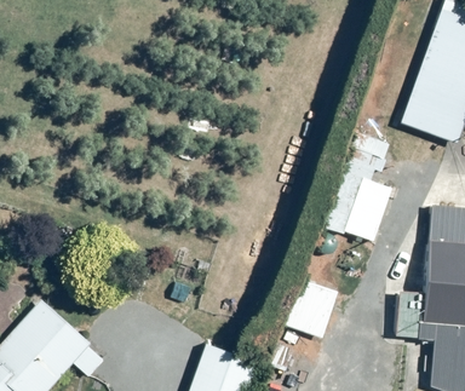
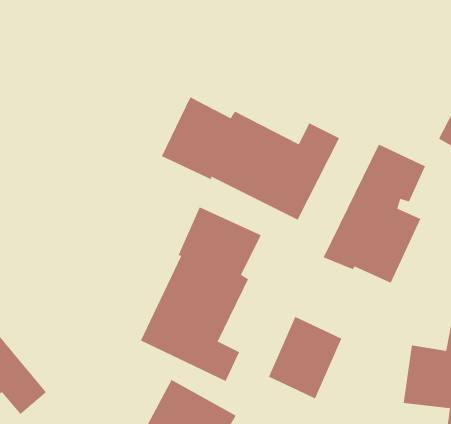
building: none -> [161,97,340,220]
building: none -> [140,206,261,382]

